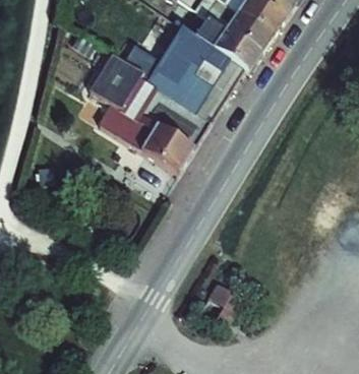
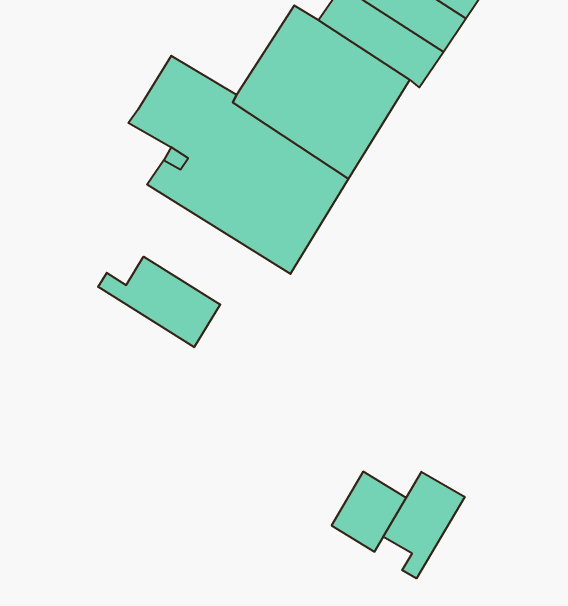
building: none -> [98,257,220,347]
building: none -> [383,472,465,578]

